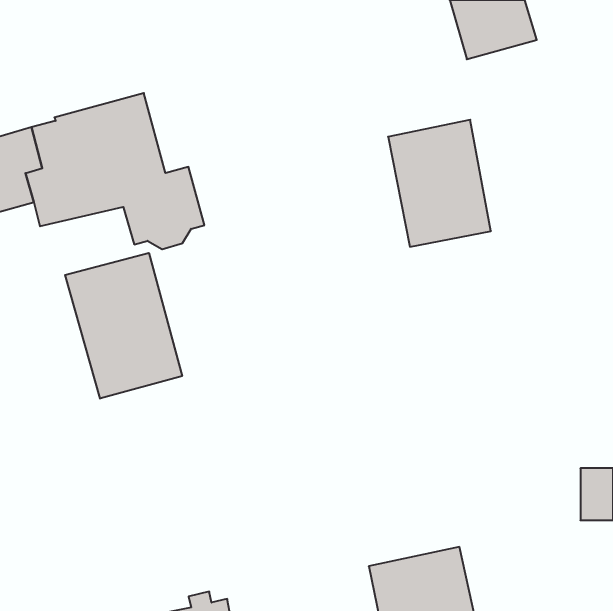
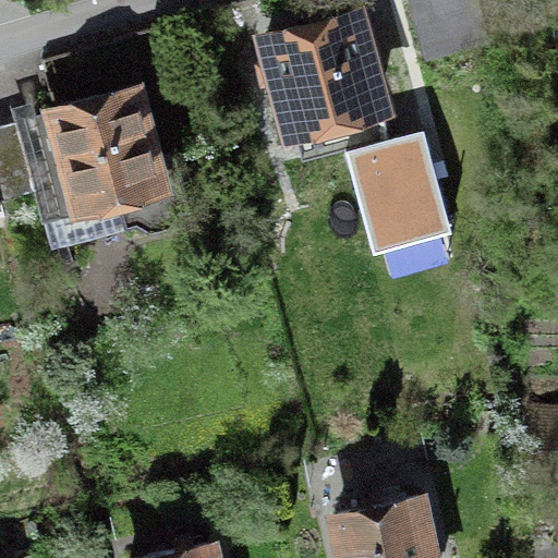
building: none -> [254,16,377,126]
building: [65,253,182,399] -> none

